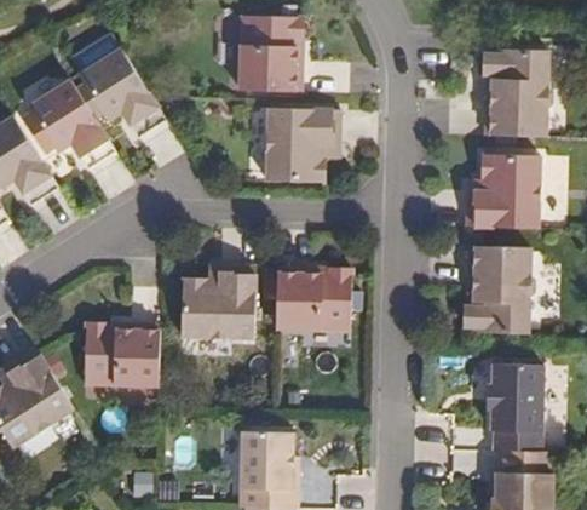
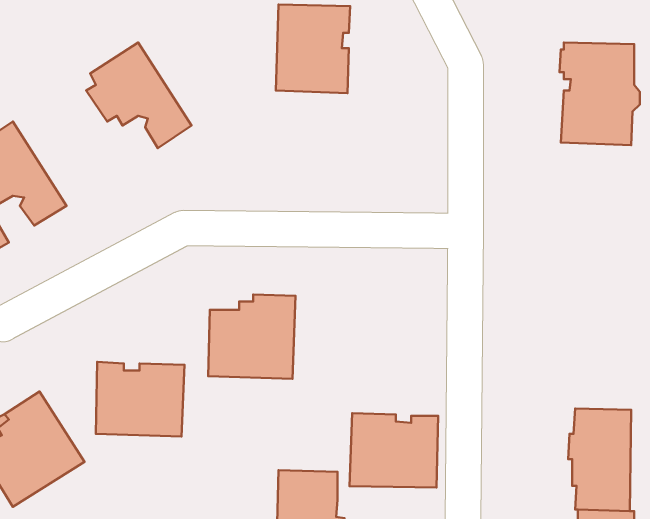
building: [28,80,115,171] -> none
building: [265,108,339,183] -> none
building: [467,154,540,228] -> none
building: [464,246,535,334] -> none
building: [275,267,351,331] -> [349,413,438,488]

